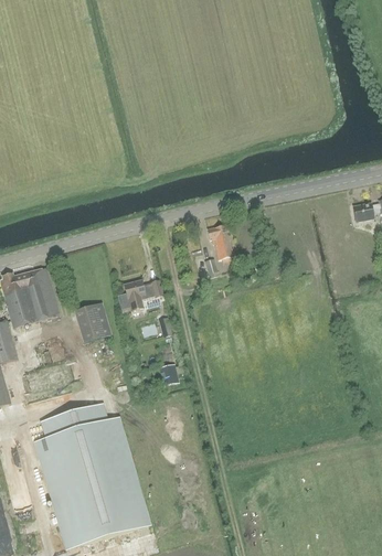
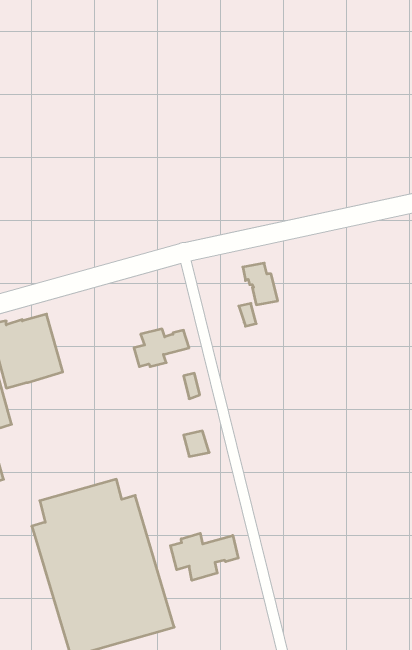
building: [74,302,112,342] -> none
building: none -> [170,533,238,580]

